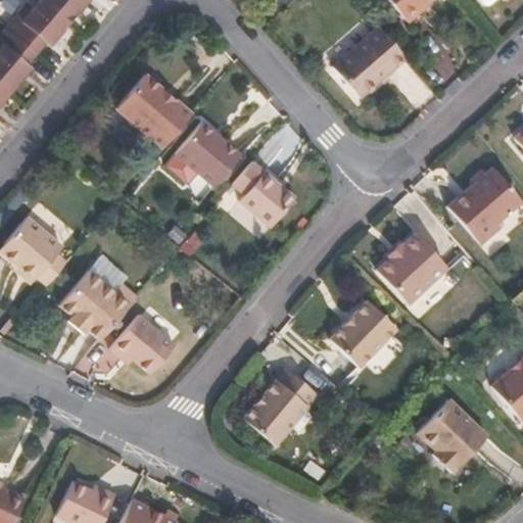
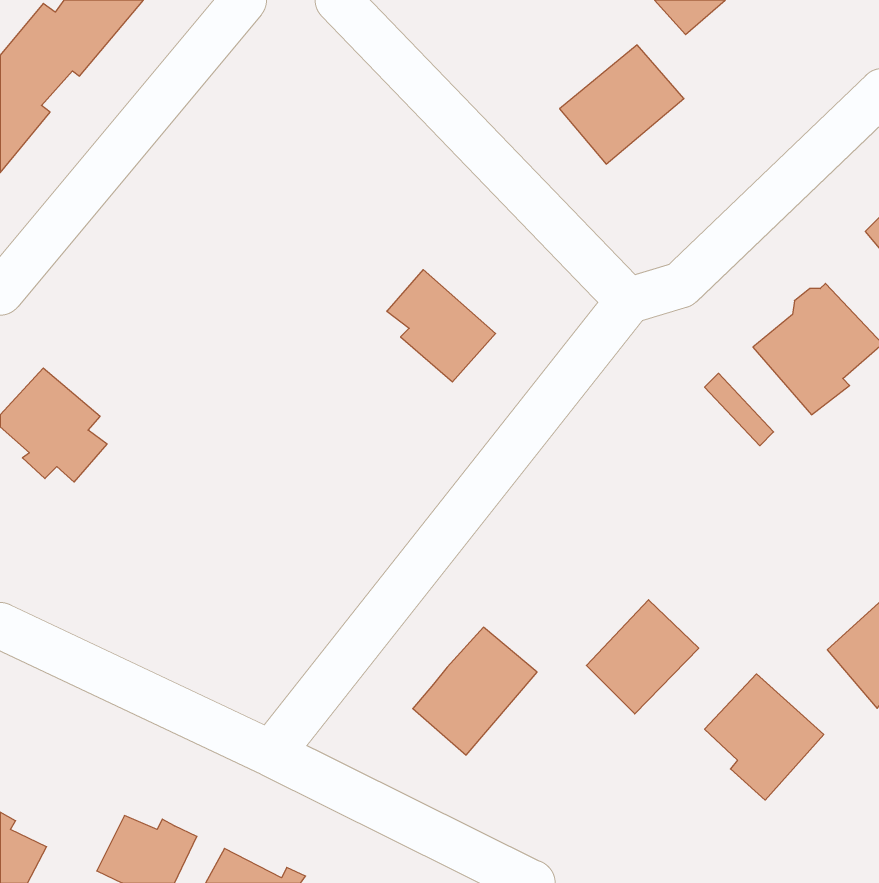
building: [115,74,192,146] -> none
building: [174,121,240,185] -> none
building: [375,232,448,303] -> none
building: [59,272,136,339] -> none
building: [329,303,395,371] -> [586,600,699,714]
building: [109,315,176,375] -> none

